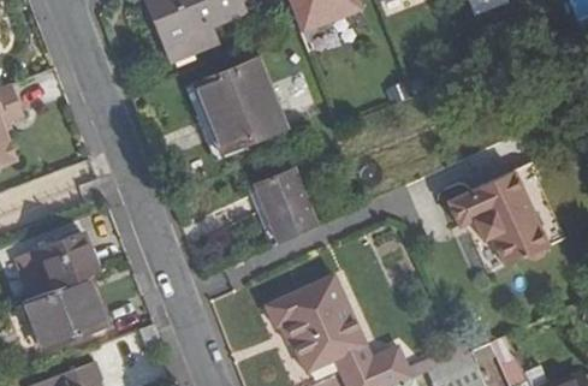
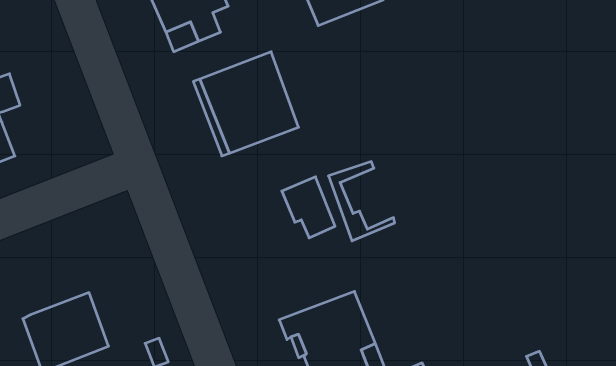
building: [256,168,317,242] -> [328,162,395,241]
building: [449,171,548,267] -> none
building: [20,236,101,302] -> none

